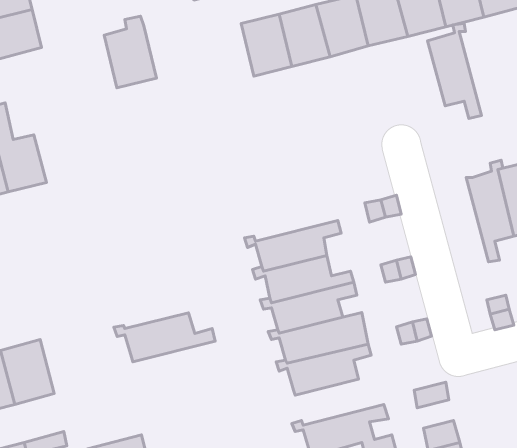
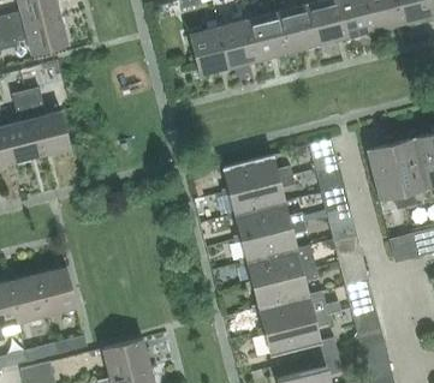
building: [104,16,156,88] -> [189,20,228,74]
building: [428,23,482,119] -> [365,138,406,210]
building: [114,313,215,362] -> [215,155,292,192]
building: none -> [251,293,341,331]

